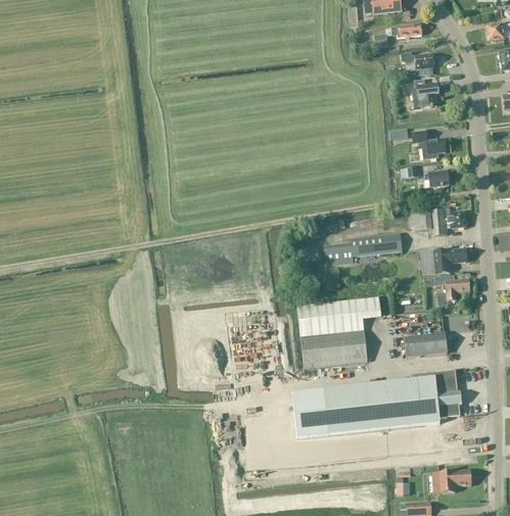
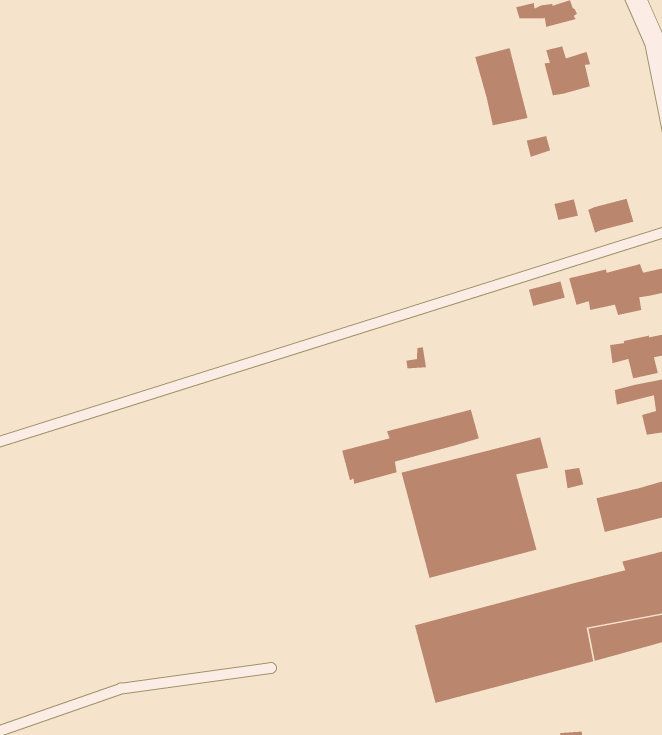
building: none -> [474,47,529,126]
building: [412,129,446,158] -> none
building: [324,232,403,265] -> [341,409,480,485]

